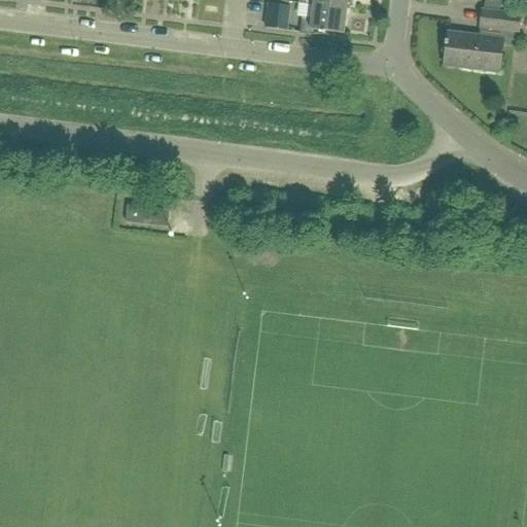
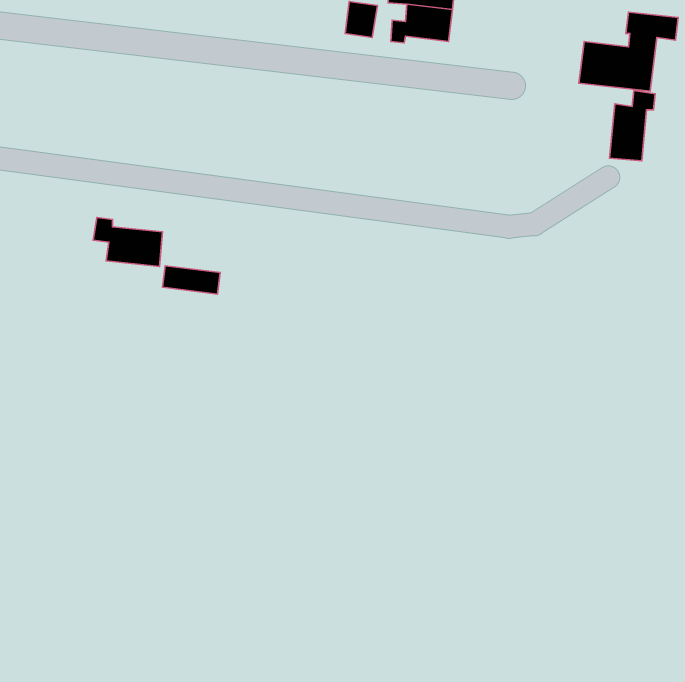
building: none -> [609,91,655,161]
building: none -> [93,217,163,266]

